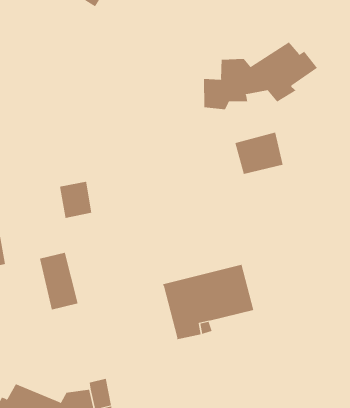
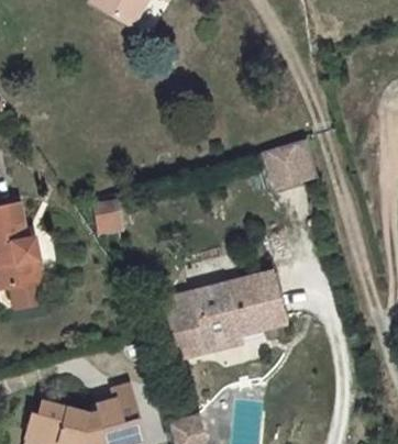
building: [204,41,318,110] -> none
building: [39,252,79,310] -> [169,300,209,358]

